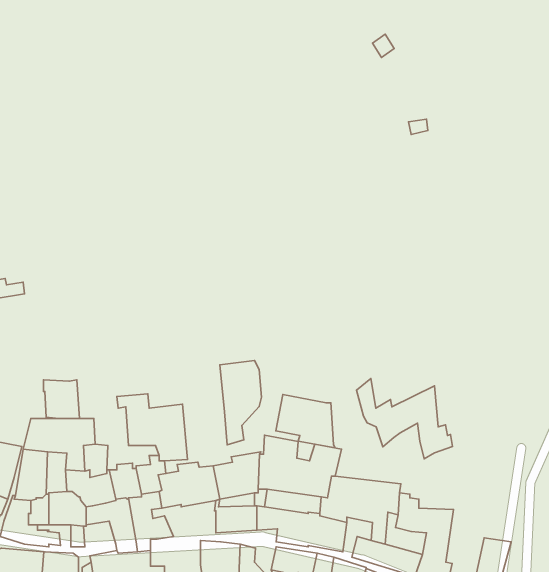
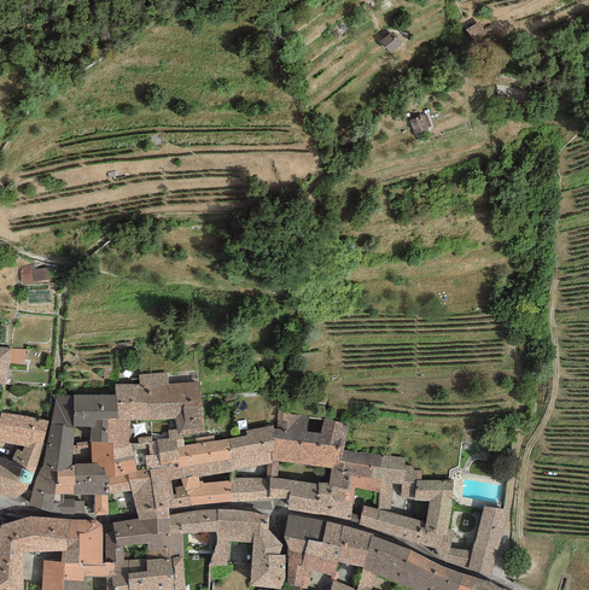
building: [220,361,262,445] -> none
building: [357,378,452,459] -> none
building: [44,380,80,418] -> [115,384,148,420]
building: [276,395,335,448] -> none
building: none -> [180,475,231,506]
building: none -> [169,509,216,533]

